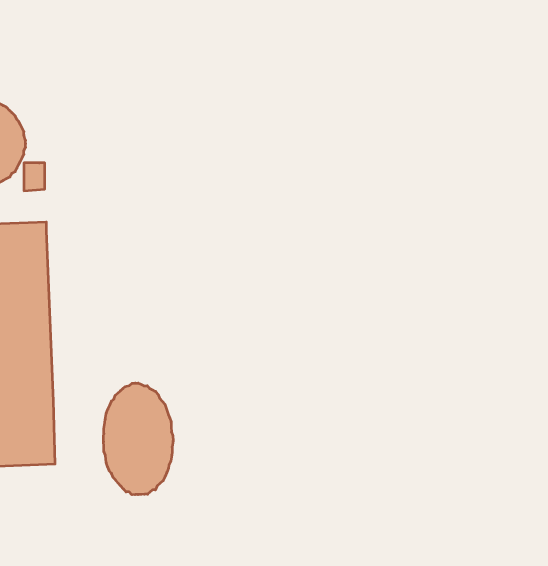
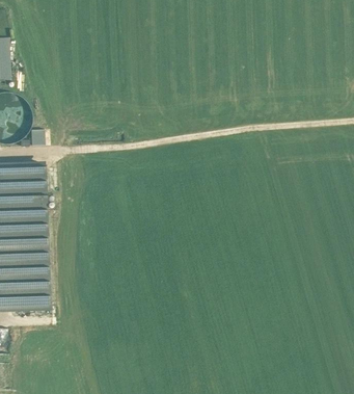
building: [103,383,173,495] -> none

